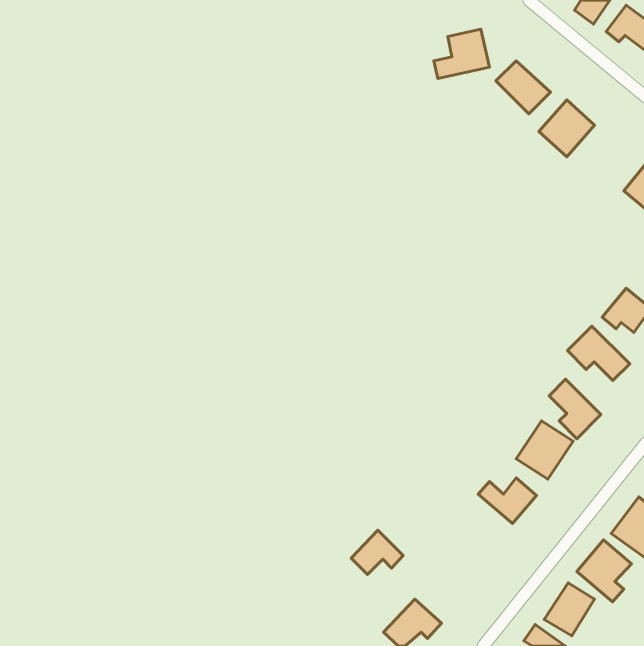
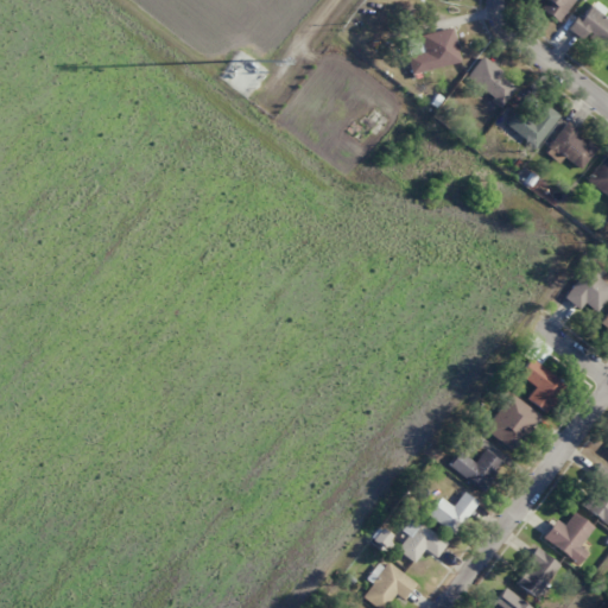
building: none -> [545,122,598,169]
building: [567,326,630,381] -> none
building: none -> [429,492,480,534]
building: [351,530,403,574] -> [398,521,446,563]

